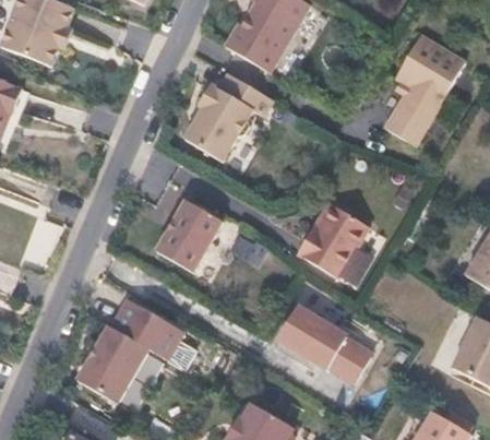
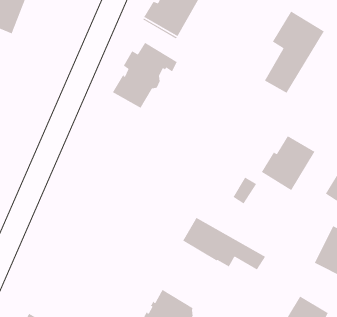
building: [155,198,223,271] -> none
building: [297,203,369,277] -> [261,135,315,191]
building: [76,297,183,402] -> none

